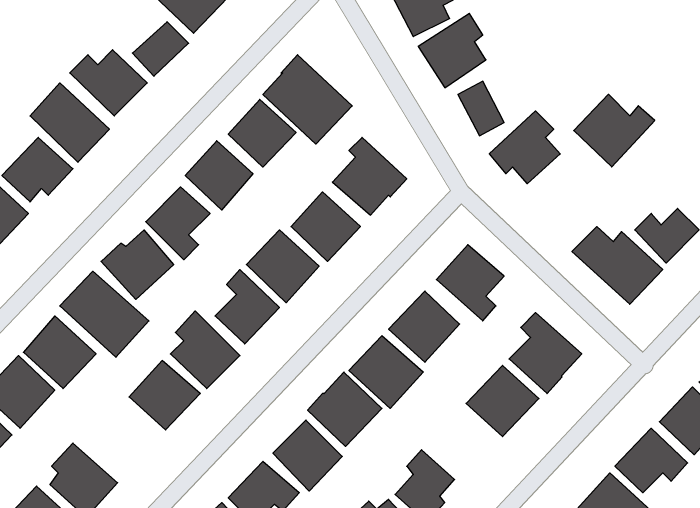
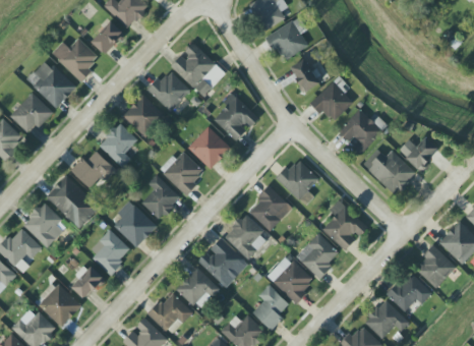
building: [574,94,655,167] -> [338,109,388,154]
building: none -> [266,255,313,302]
building: none -> [70,265,103,299]

